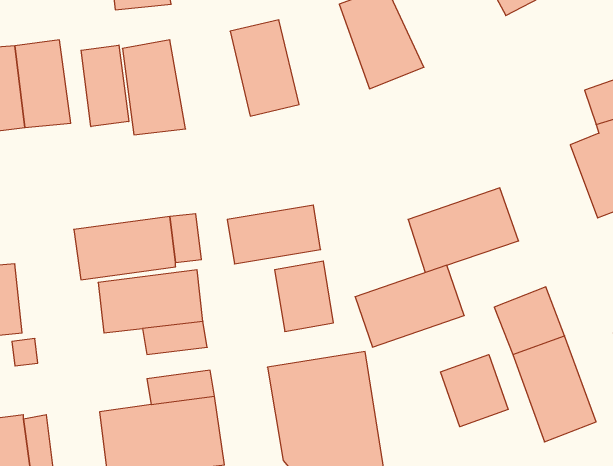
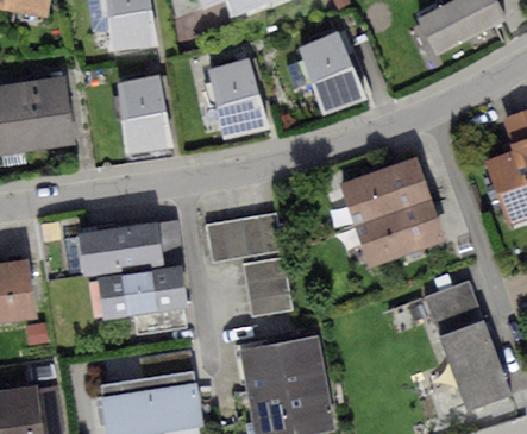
building: [81,45,129,127] -> none
building: [355,265,464,347] -> [340,157,431,225]
building: [440,355,508,427] -> none

